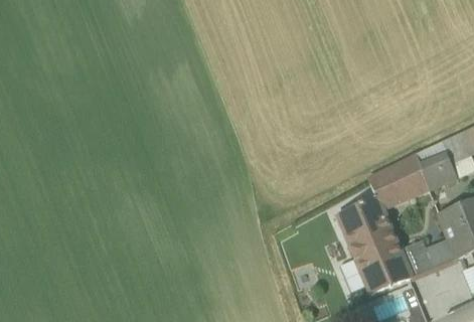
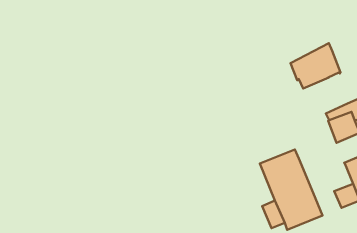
building: [368,154,429,208] -> [291,43,341,88]
building: [401,240,435,277] -> none

